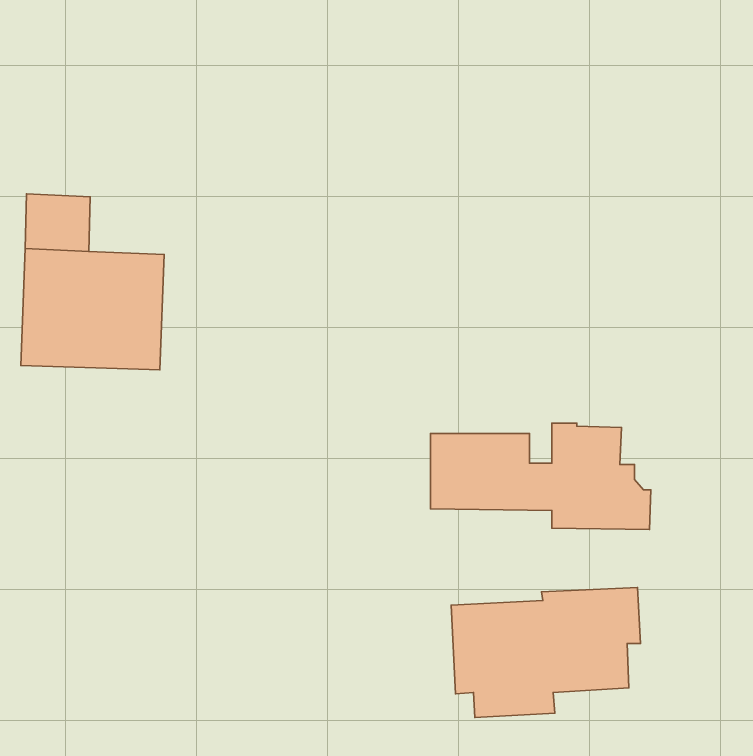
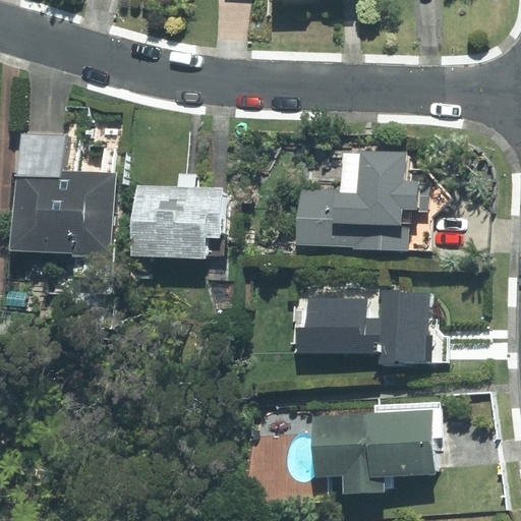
building: none -> [296,151,451,249]
building: none -> [132,174,221,257]

